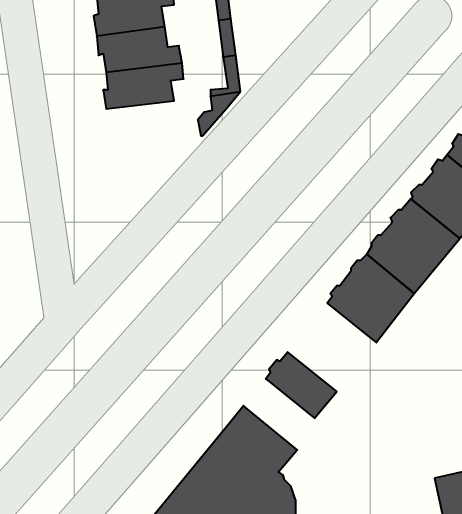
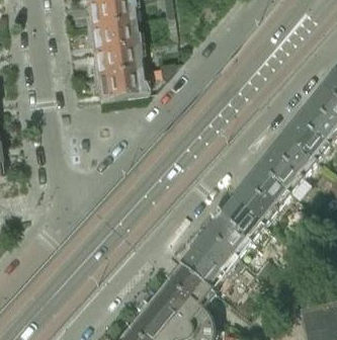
building: none -> [94,68,149,98]
building: none -> [210,197,267,254]
building: none -> [182,246,228,291]

